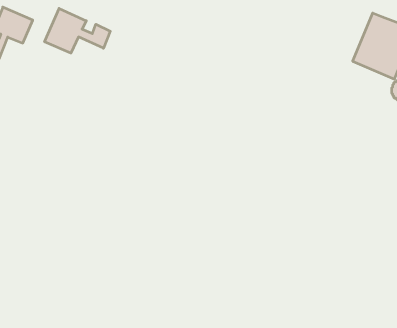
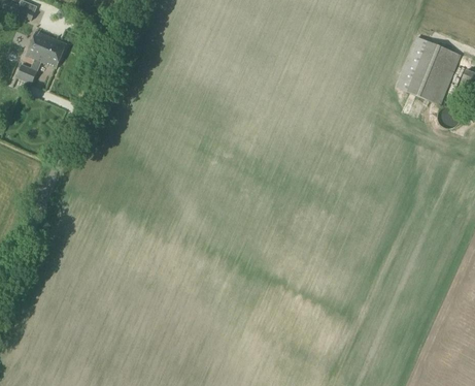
building: [45,8,110,53] -> none

